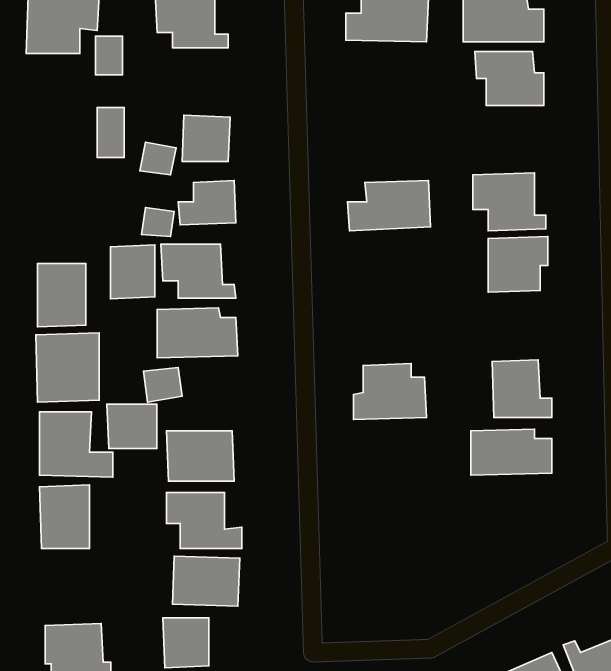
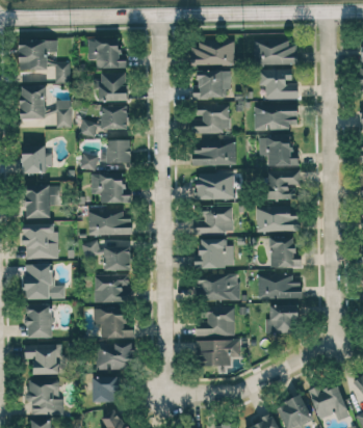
building: none -> [193,71,231,99]
building: none -> [100,73,127,102]
building: none -> [20,86,46,121]
building: none -> [190,105,230,134]
building: none -> [254,105,297,130]
building: none -> [197,173,233,200]
building: [111,245,155,299] -> [22,145,46,175]
building: none -> [196,206,233,234]
building: none -> [256,207,300,232]
building: [107,404,157,449] -> [104,247,131,271]
building: none -> [197,274,239,302]
building: none -> [265,305,297,335]
building: none -> [196,307,234,336]
building: none -> [196,340,240,367]
building: none -> [24,345,61,375]

